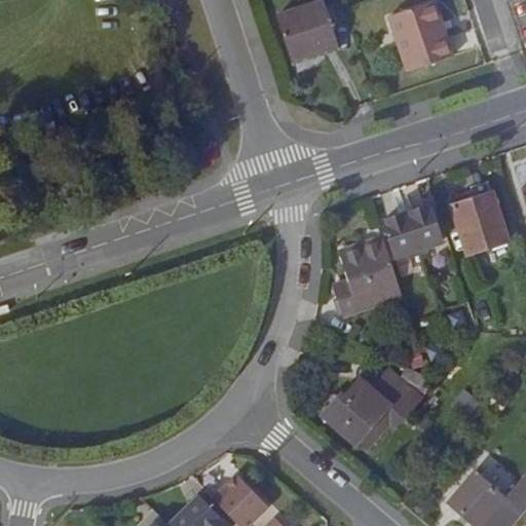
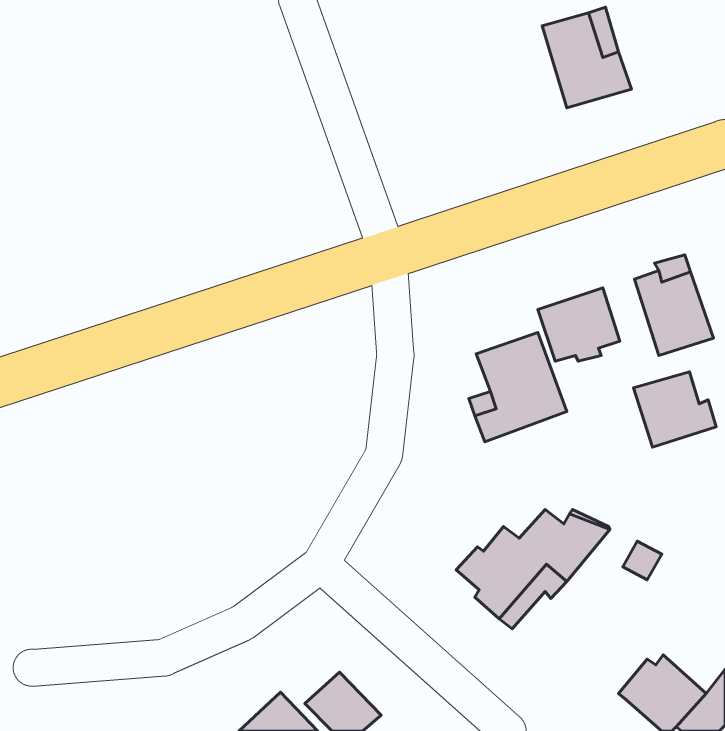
building: [267,7,325,65] -> none
building: none -> [633,372,716,447]

